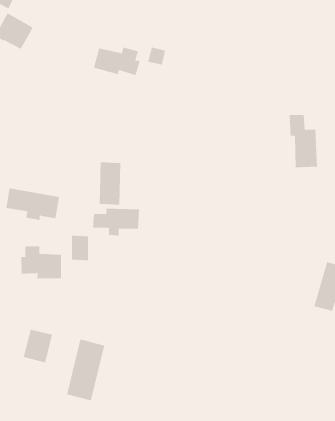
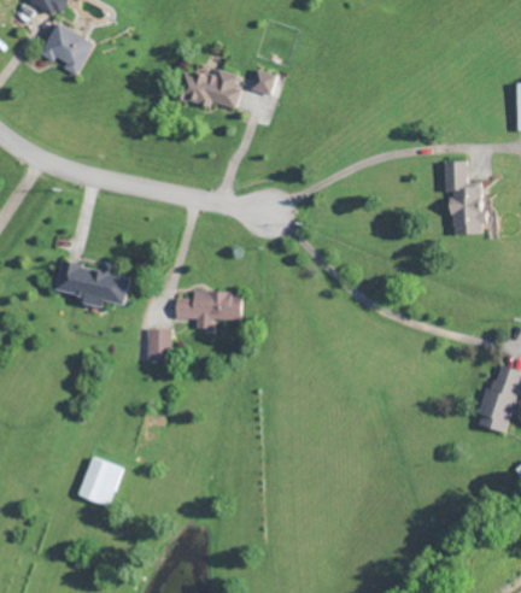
building: [99,162,121,205] -> none
building: [21,246,62,279] -> none
building: [67,339,105,401] -> none

